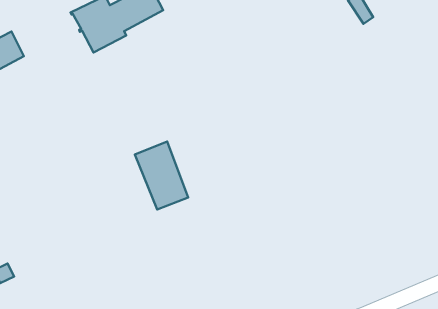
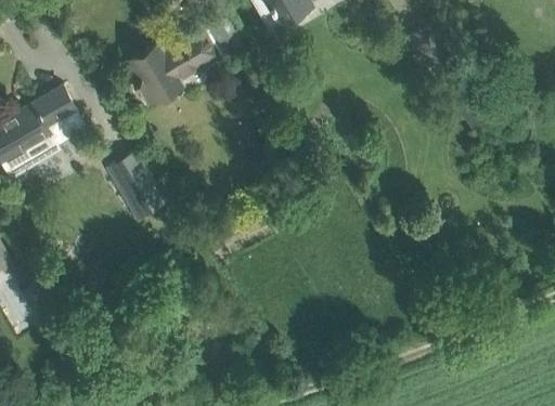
building: [135,142,188,209] -> [108,148,166,219]

